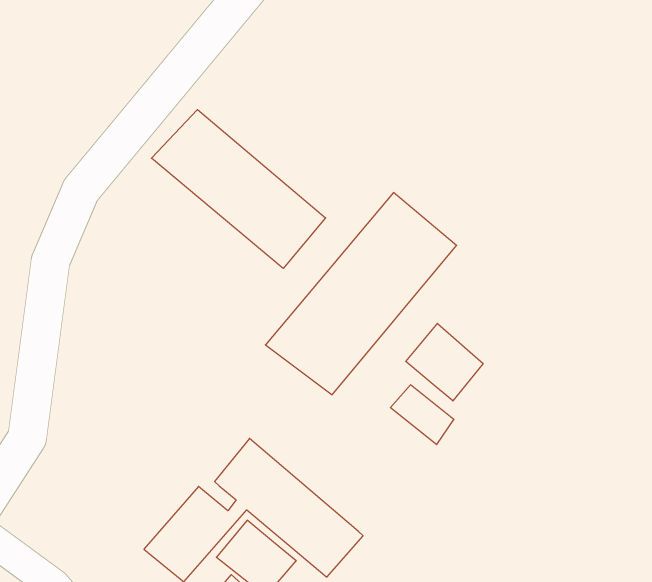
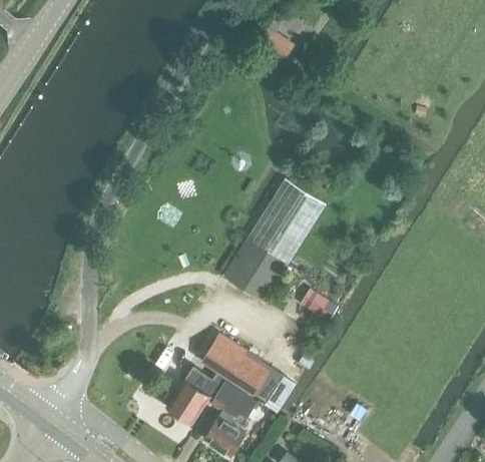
building: [151,110,326,268] -> none
building: [406,323,483,401] -> none

